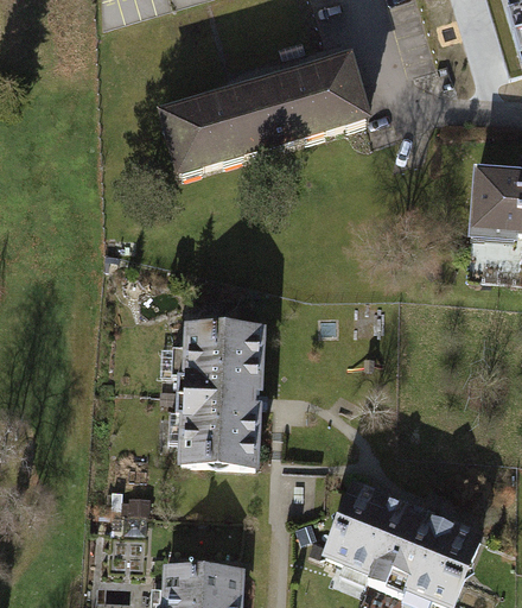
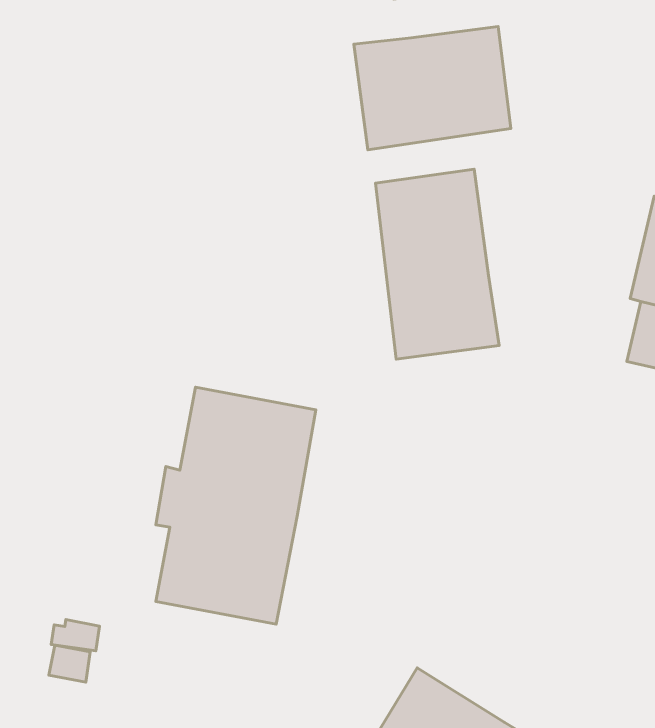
building: [155,81,276,177] -> none
building: none -> [375,169,499,359]

